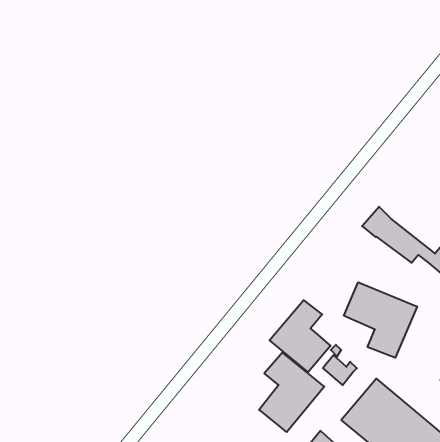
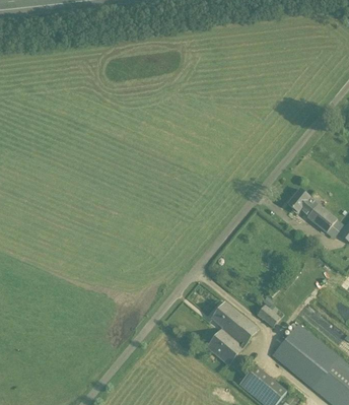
building: [344,282,417,358] -> none
building: [270,300,331,372] -> none

